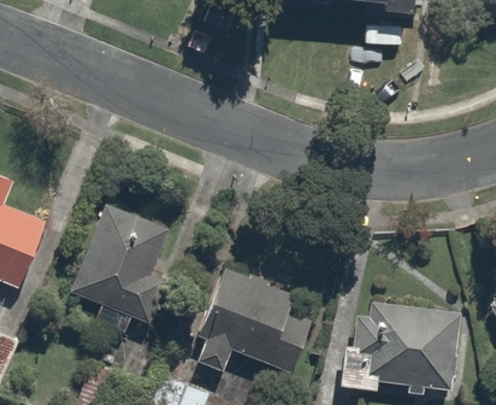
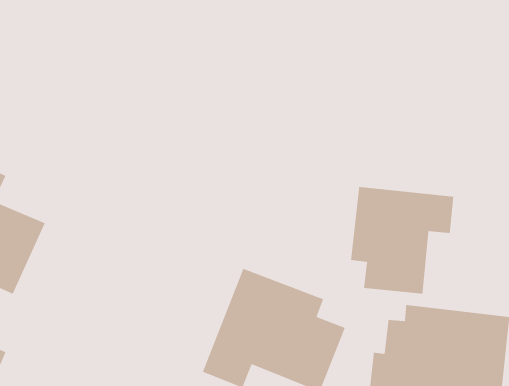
building: none -> [350,186,454,295]
building: [69,201,176,336] -> none

